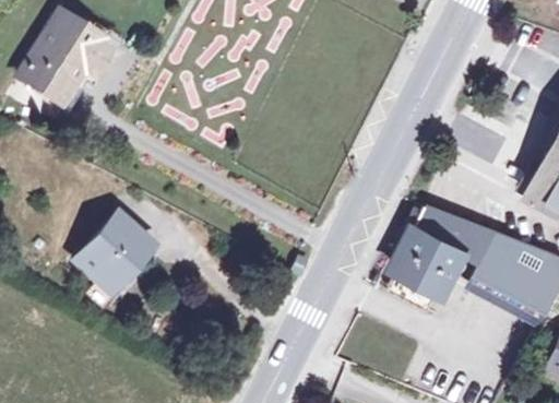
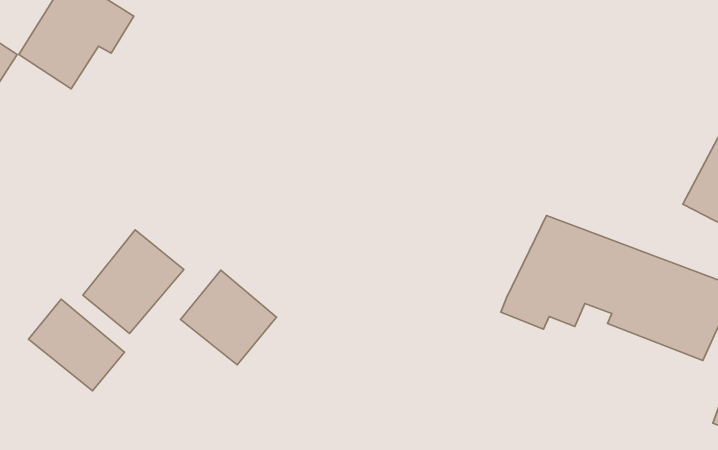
building: none -> [180,270,277,365]
building: none -> [28,299,124,391]

